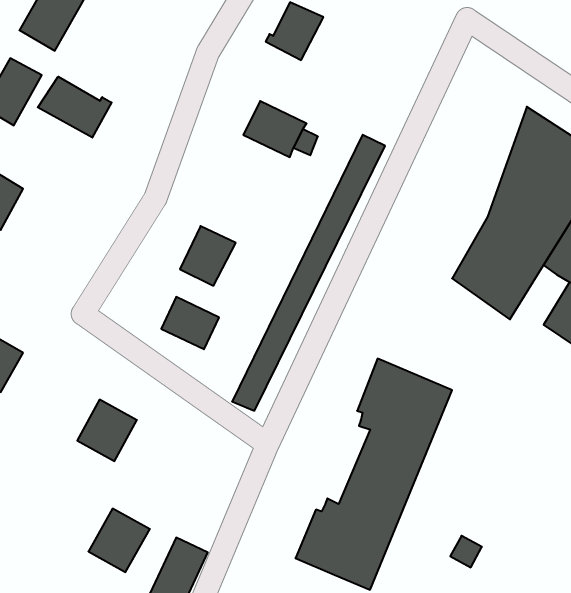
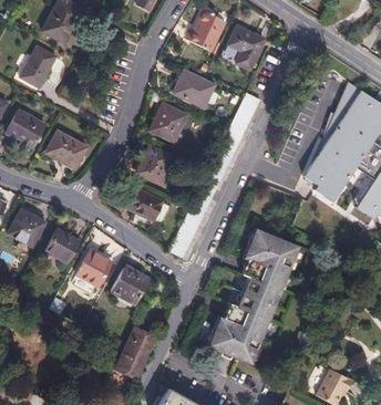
building: none -> [227,27,262,69]
building: [38,77,112,138] -> none
building: none -> [151,104,185,142]
building: none -> [47,133,86,169]
building: none -> [45,229,79,262]
building: [88,509,150,572] -> [112,266,148,303]

